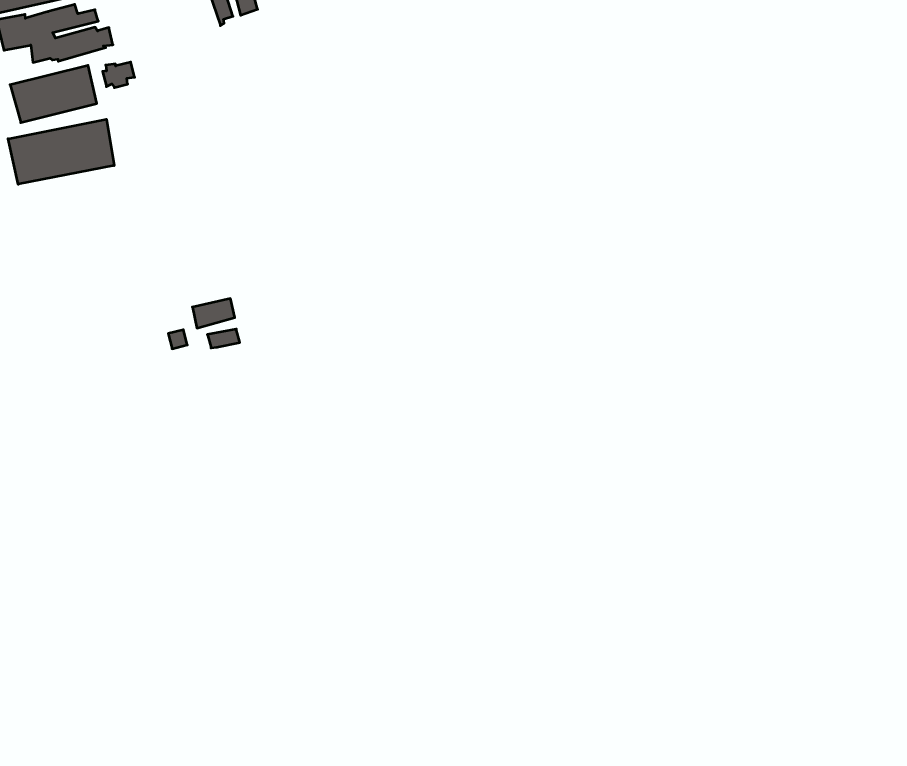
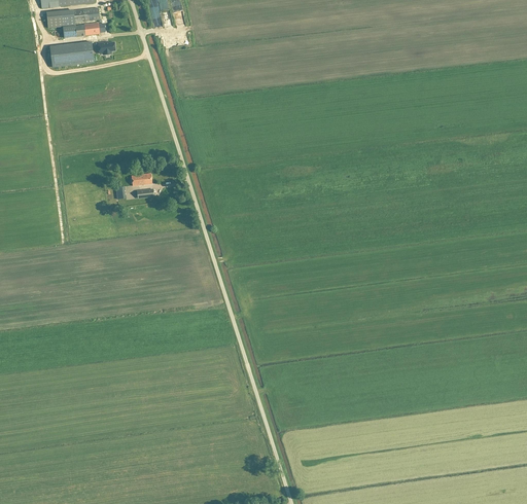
building: [8,119,114,184] -> none

